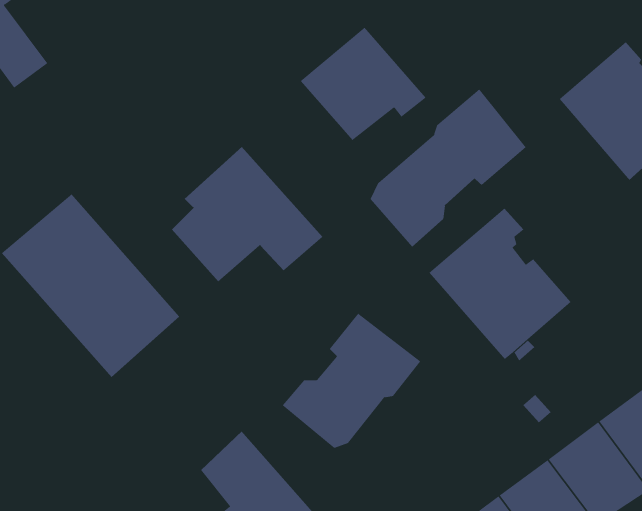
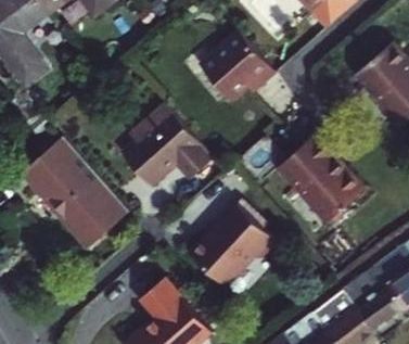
building: [370,89,527,247] -> none

